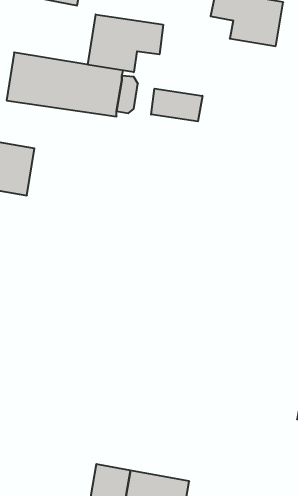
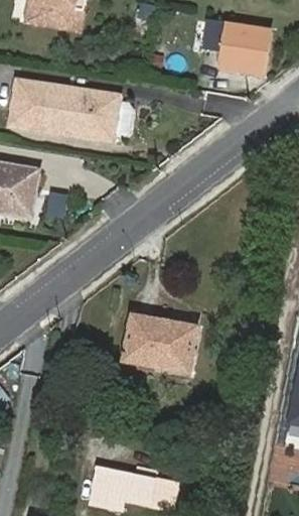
building: [88,14,163,72] -> none
building: [151,89,202,121] -> none
building: none -> [123,316,195,374]

